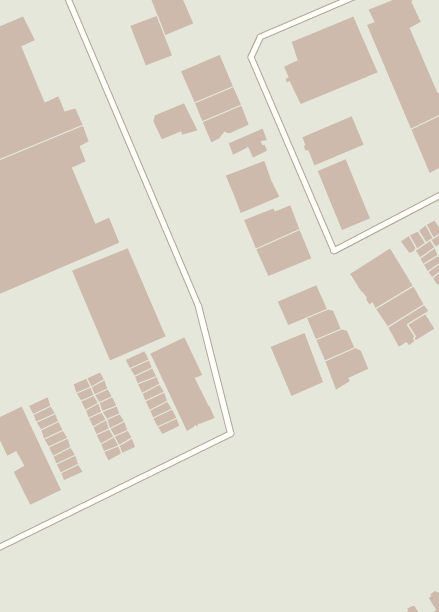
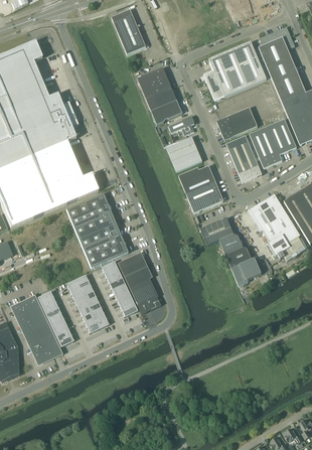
building: [130,15,173,66] -> none
building: [153,102,198,140] -> none
building: none -> [250,119,297,168]
building: [270,332,324,397] -> none

